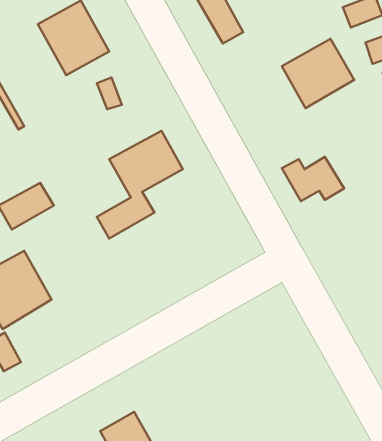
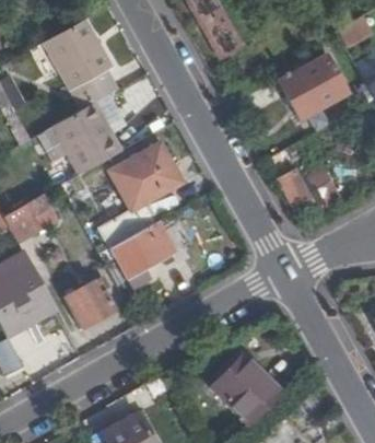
building: none -> [50,103,120,175]
building: none -> [110,221,174,287]
building: none -> [63,276,114,328]
building: none -> [211,354,281,425]

